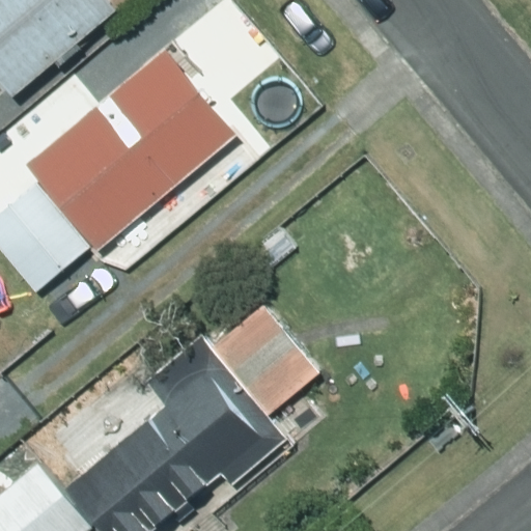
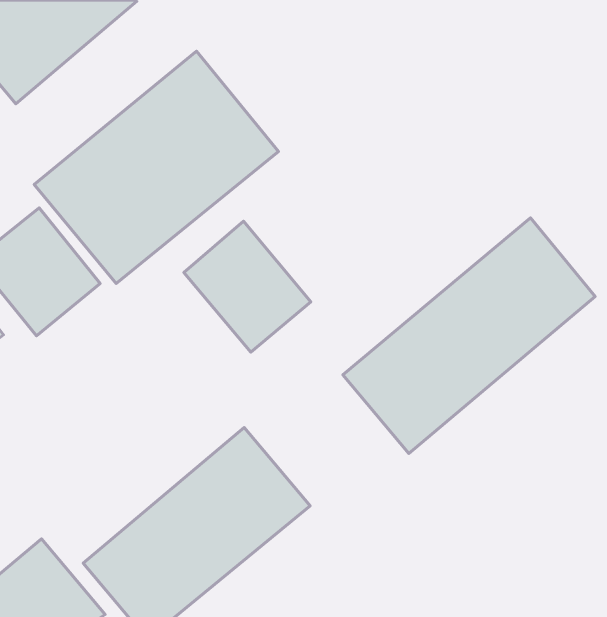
building: none -> [343,218,595,453]
building: [209,305,317,416] -> [184,221,311,352]

